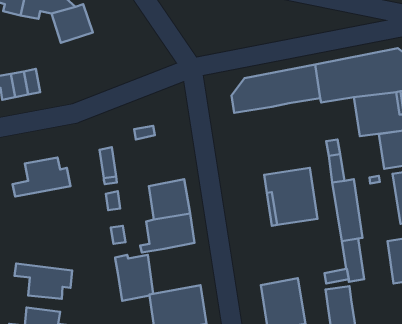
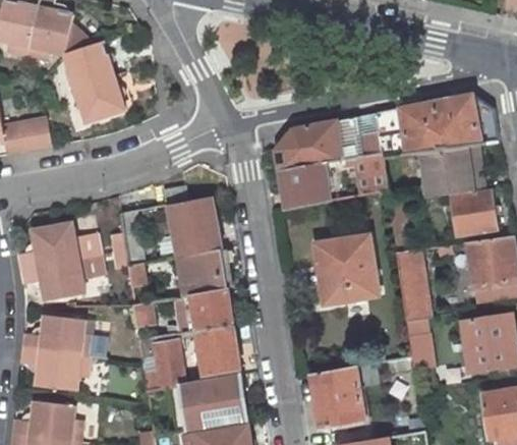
building: none -> [75,75,124,121]
building: none -> [345,153,388,194]
building: none -> [280,163,330,210]
building: none -> [169,197,221,257]
building: none -> [21,257,91,300]
building: none -> [22,315,92,356]
building: none -> [197,324,240,375]

